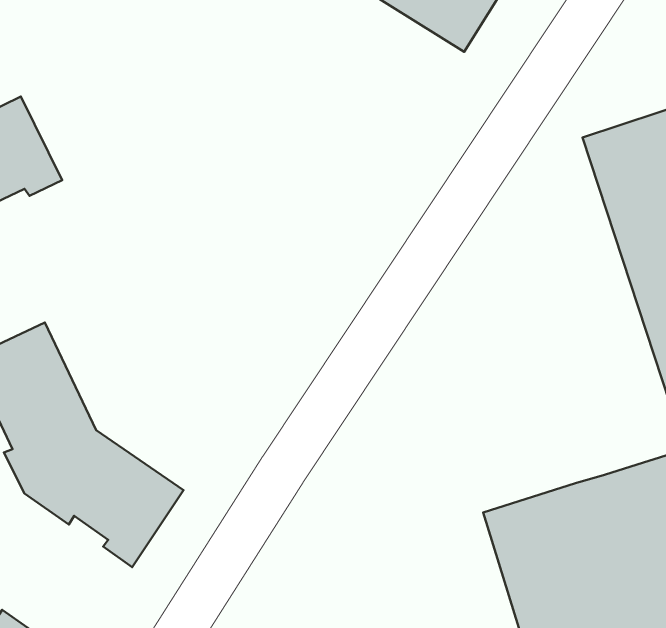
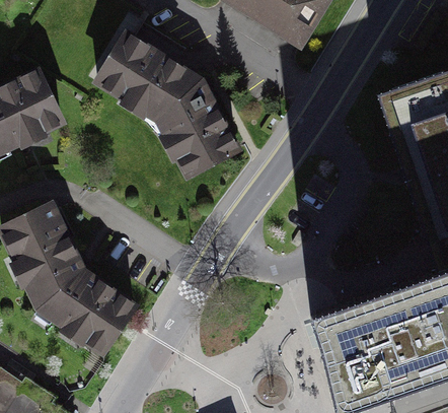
building: none -> [99,36,238,175]

